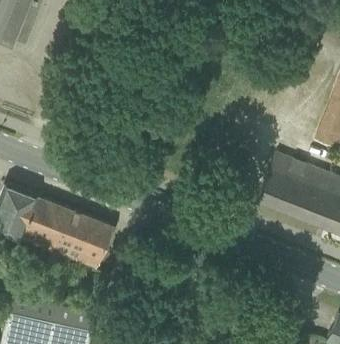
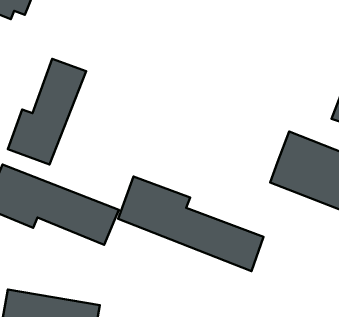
building: none -> [8,59,86,165]
building: none -> [118,176,264,271]

